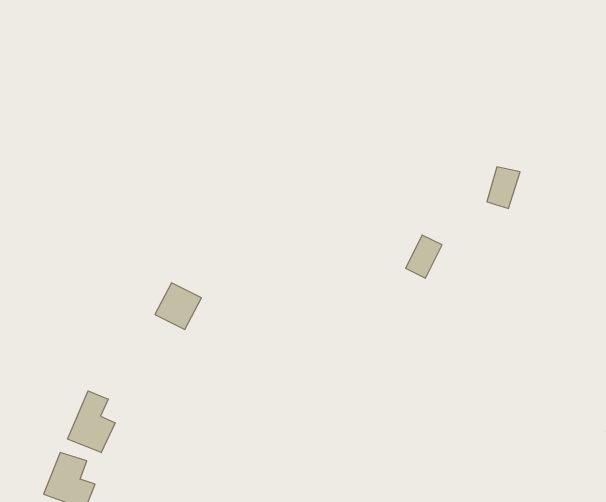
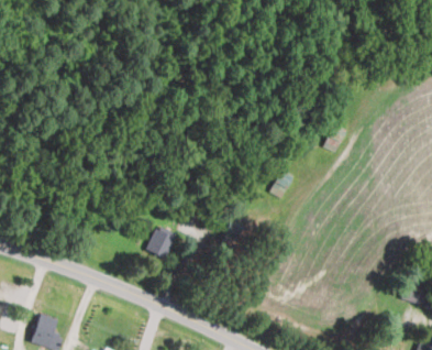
building: [155,283,201,329] -> [145,228,176,259]
building: [67,391,115,453] -> none

